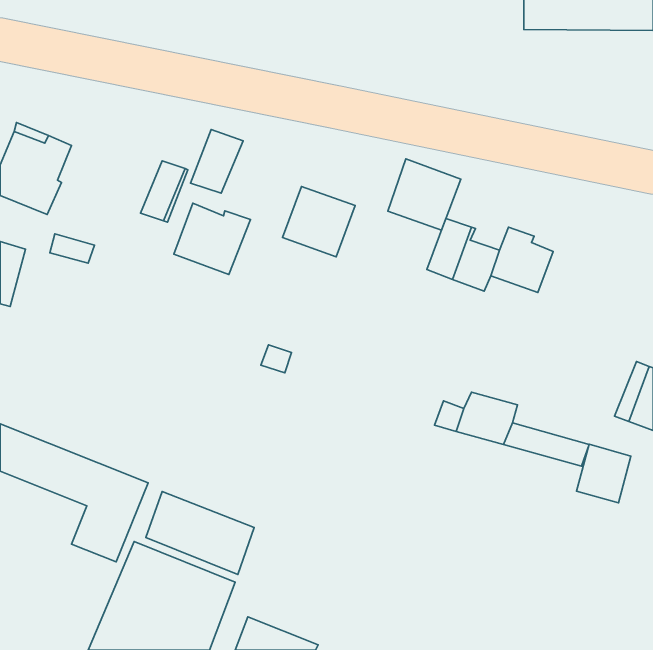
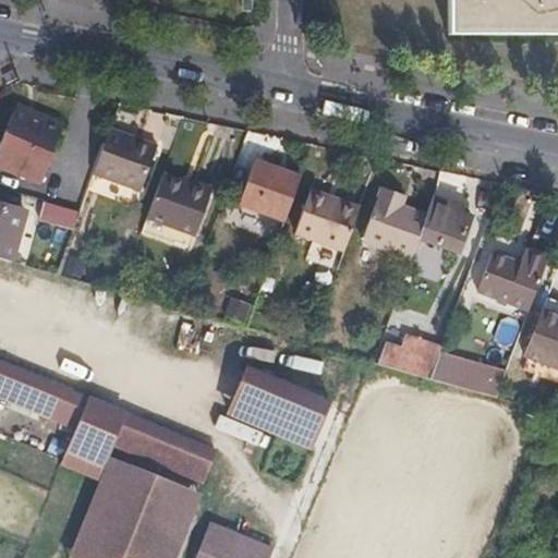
building: [191,129,243,193] -> [94,128,138,182]
building: [388,159,461,230] -> [298,187,360,248]
building: none -> [477,252,545,313]
building: none -> [229,369,329,454]
building: [577,444,631,503] -> none

